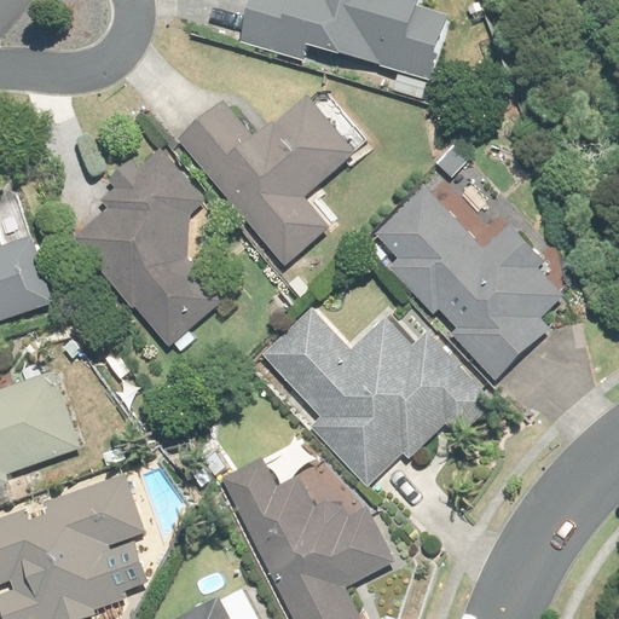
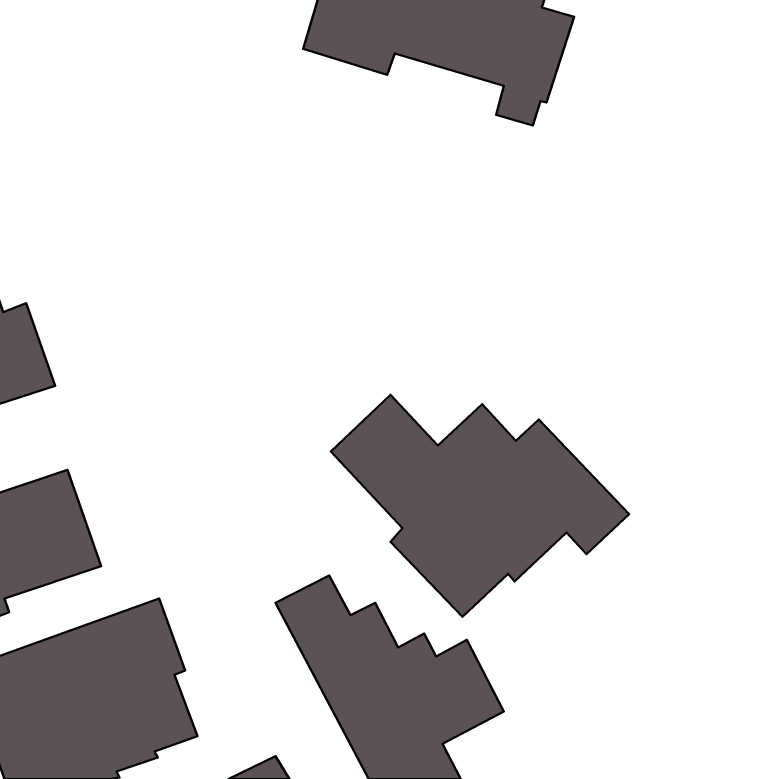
building: [174,96,355,265] -> none
building: [70,147,224,347] -> none
building: [376,190,563,382] -> none

